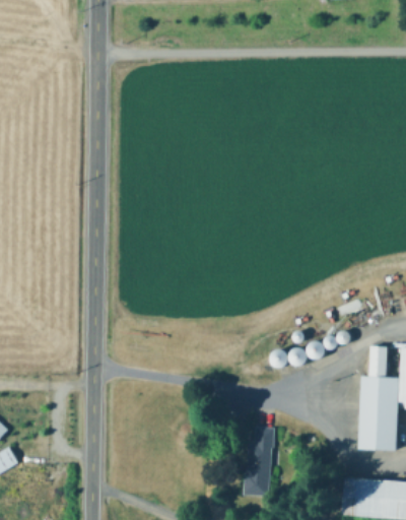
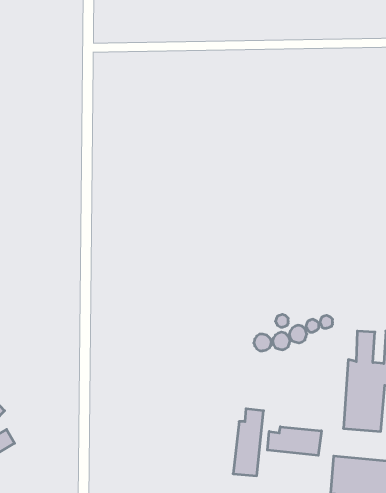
building: none -> [267,427,321,455]

